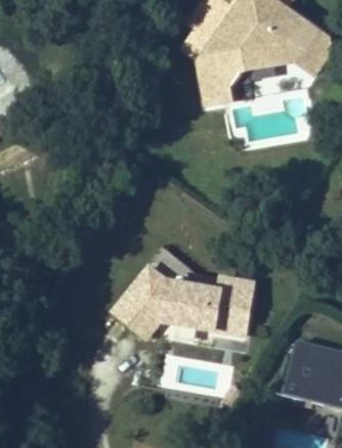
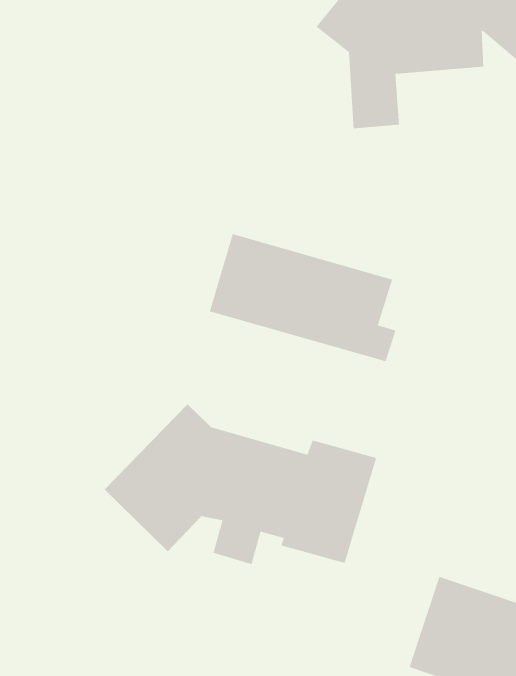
building: none -> [209,233,397,362]

